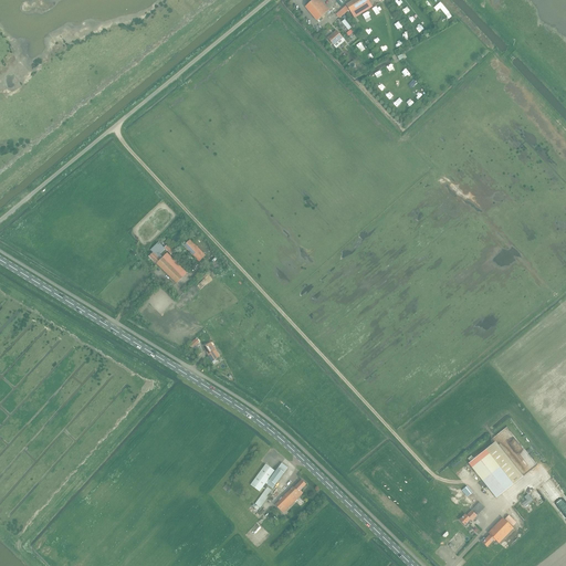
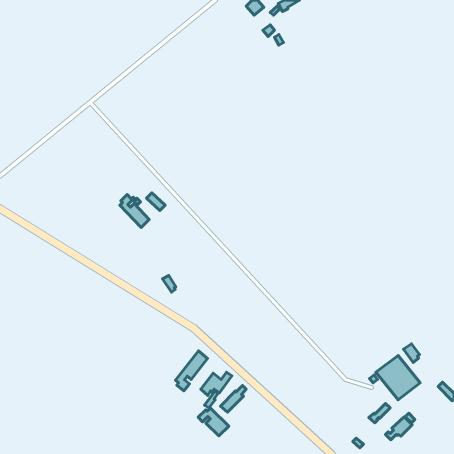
building: none -> [176,351,207,391]
building: none -> [198,408,229,436]

